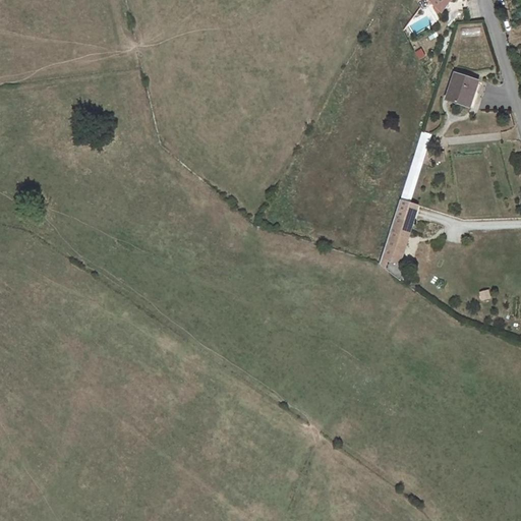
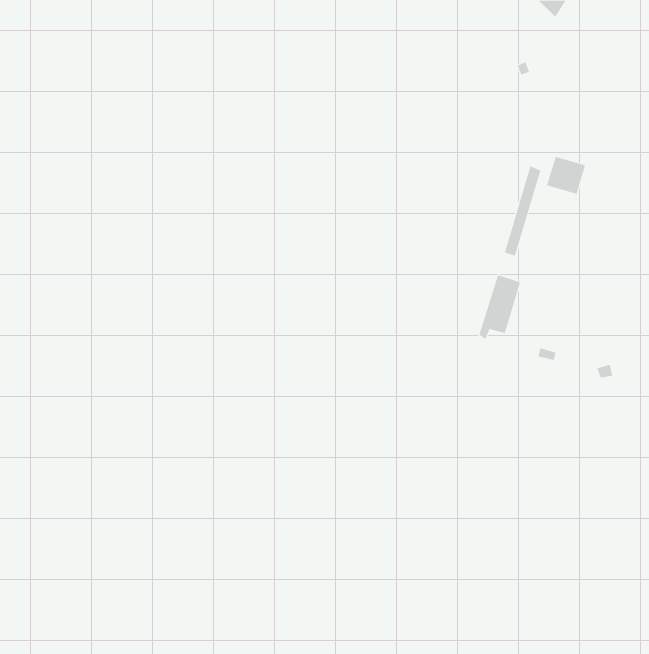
building: [447,70,478,101] -> [546,156,586,195]

